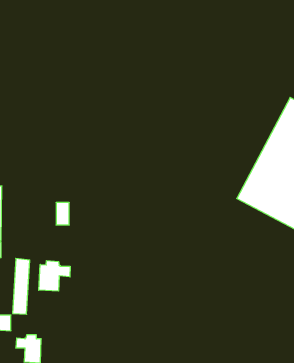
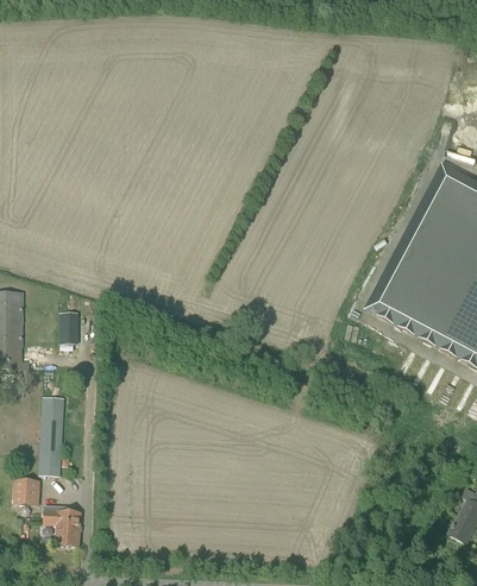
building: [56,203,69,225] -> [59,311,79,344]
building: [39,261,70,291] -> none

